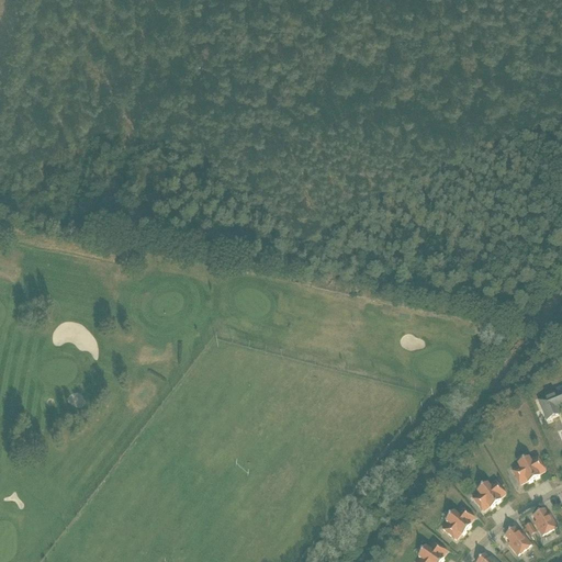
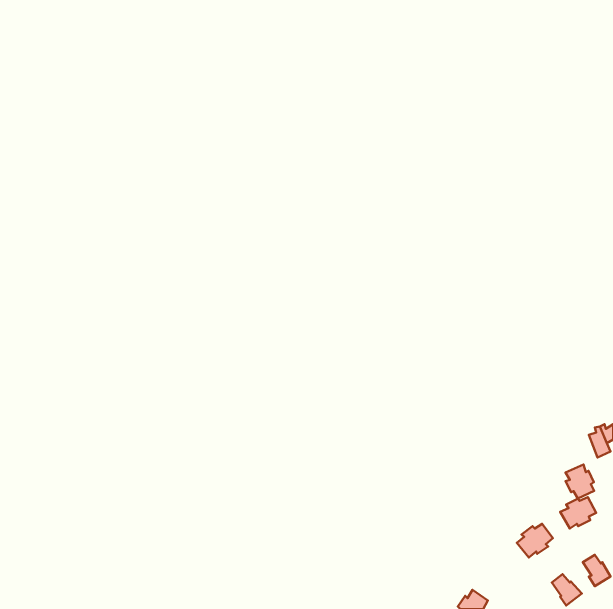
building: none -> [565,465,594,498]
building: [442,505,473,538] -> none

